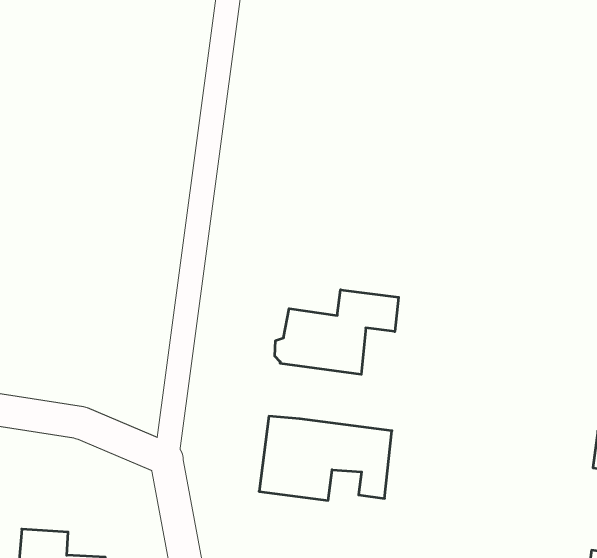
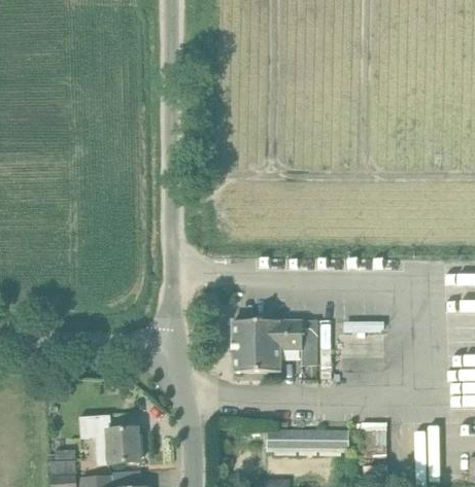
building: [275,290,399,374] -> none

